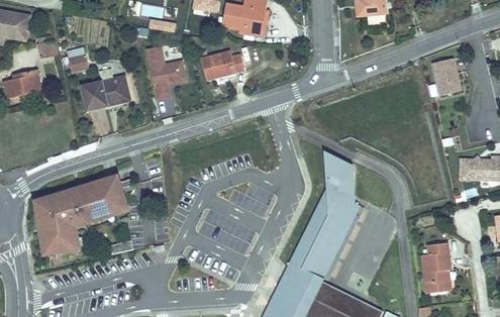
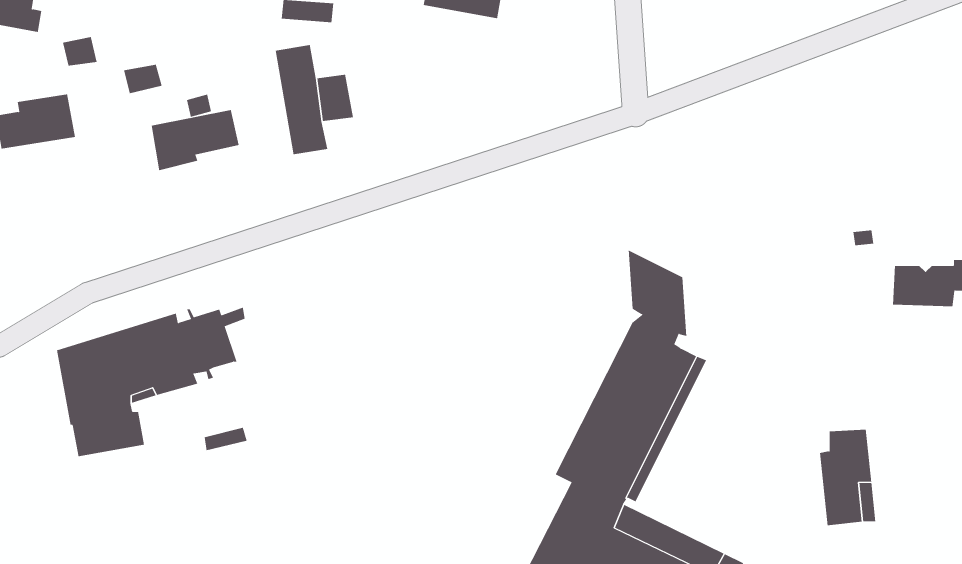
building: [198,51,238,79] -> none
building: [433,57,463,94] -> none

